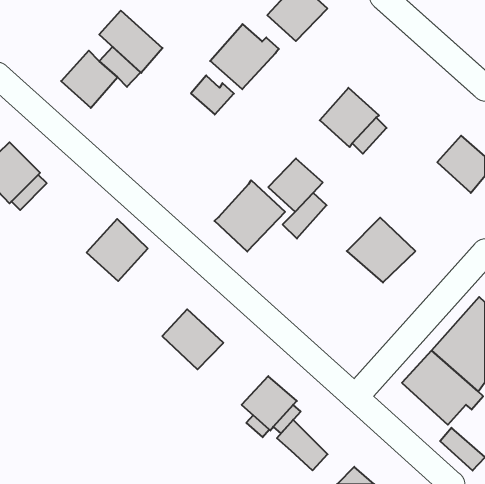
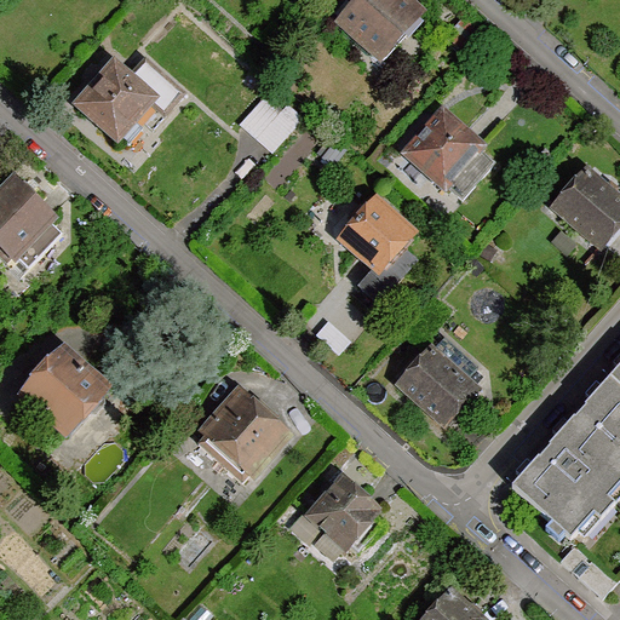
building: [99,11,163,73] -> none
building: [210,24,279,89] -> none
building: [214,180,285,252] -> none
building: [347,218,415,283] -> [400,339,487,421]
building: [87,219,148,281] -> [24,350,102,429]
building: [277,420,328,470] -> none

